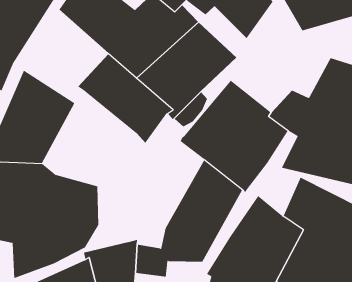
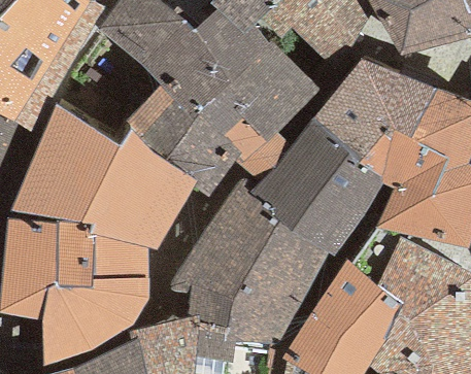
building: none -> [312,59,436,158]
building: none -> [79,130,196,250]
building: none -> [167,179,279,327]

